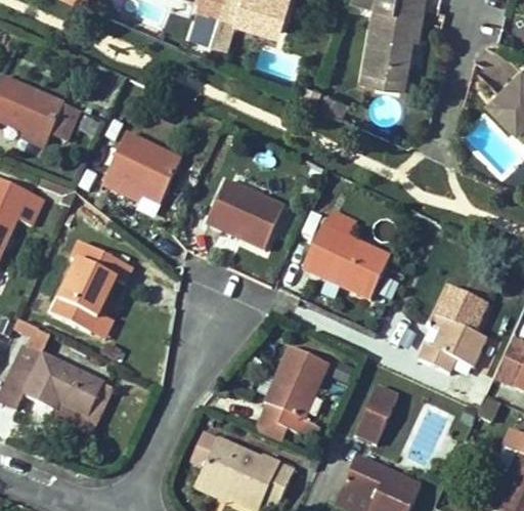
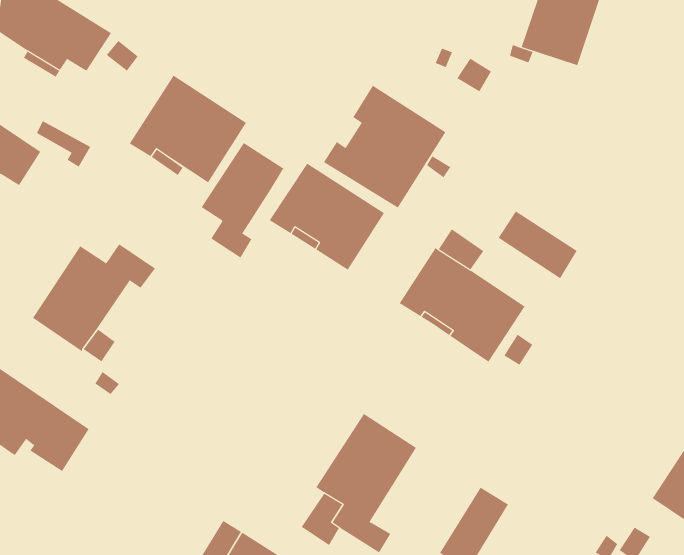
building: none -> [323,85,446,209]
building: none -> [201,142,285,258]
building: none -> [498,211,578,279]
building: [418,284,488,372] -> none
building: [51,383,114,432] -> none

